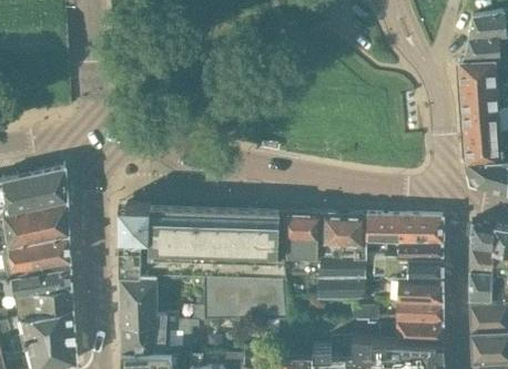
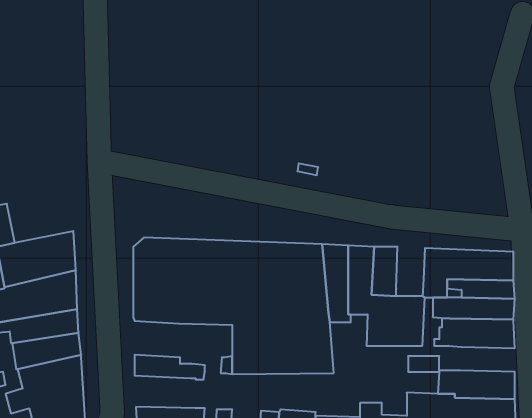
building: [11,166,68,211] -> none
building: [343,214,367,256] -> none
building: [119,277,159,308] -> none
building: [397,299,444,320] -> none
building: [120,324,192,352] -> none

